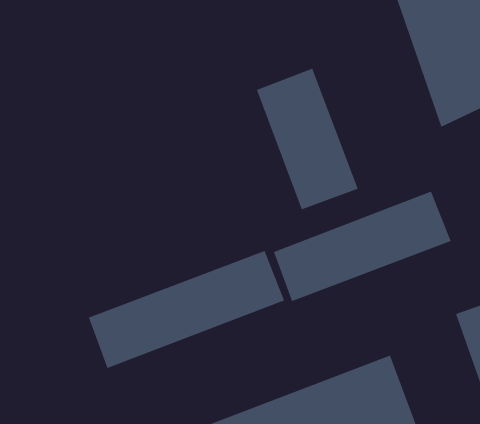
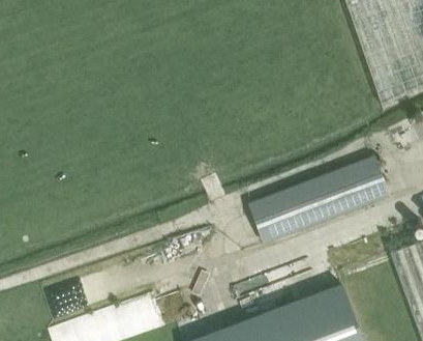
building: [256,68,358,210] -> none
building: [88,250,285,369] -> none

